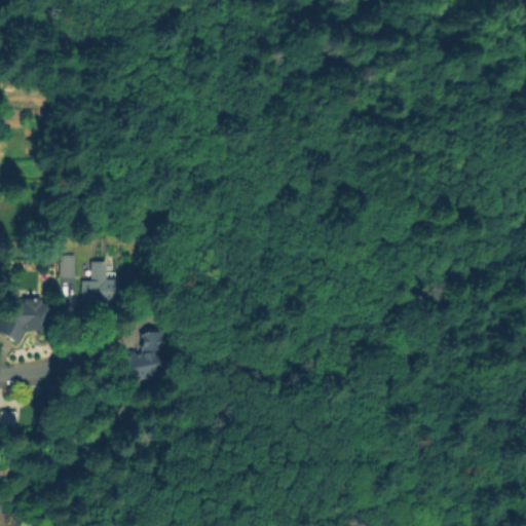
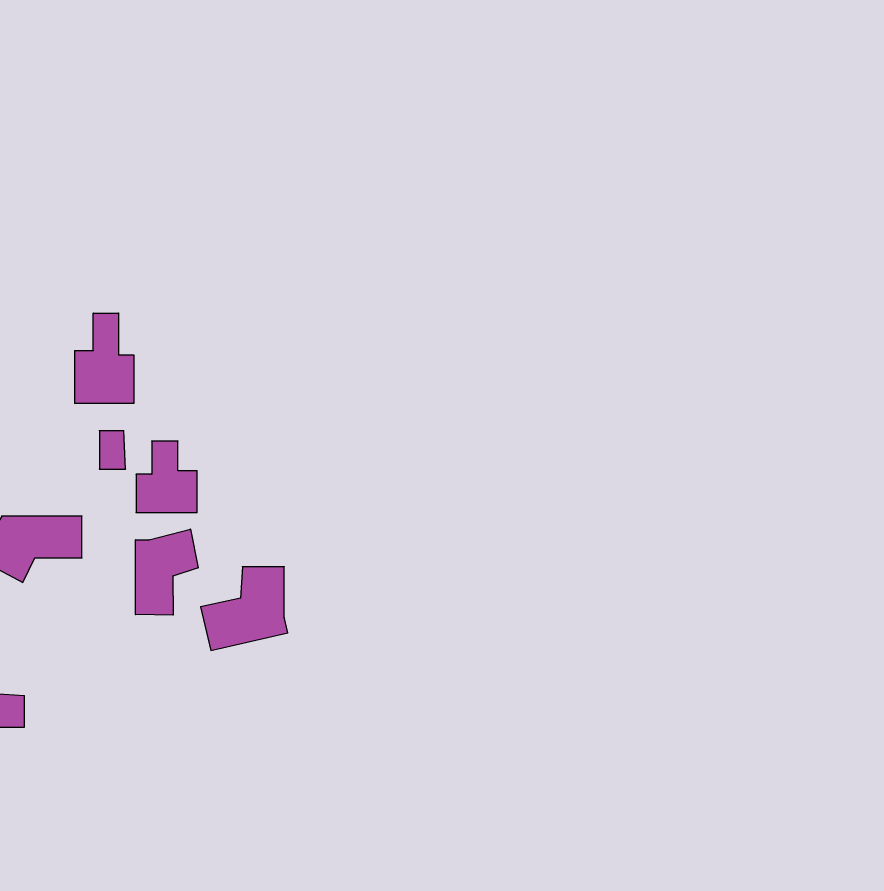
building: none -> [75,313,134,403]
building: none -> [136,529,198,615]

